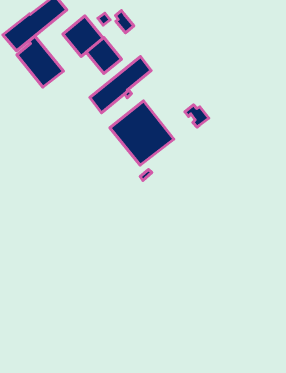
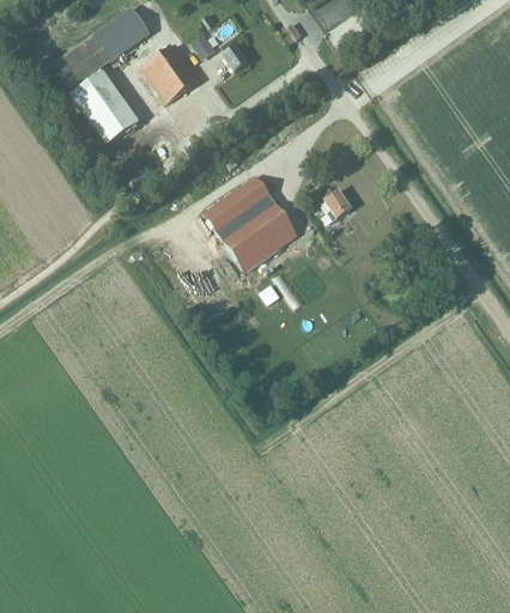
building: [86,38,121,74] -> none
building: [90,57,151,113] -> none

